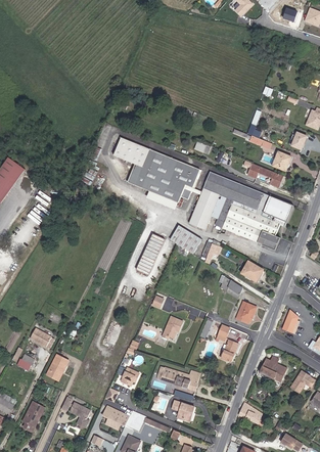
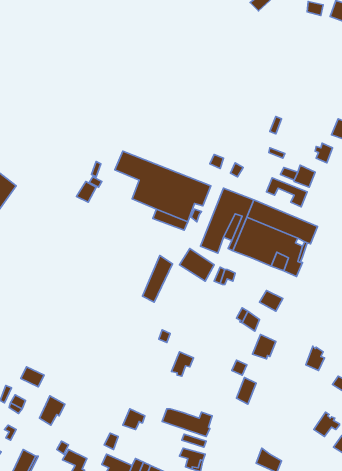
building: [259,355,286,381] -> none

